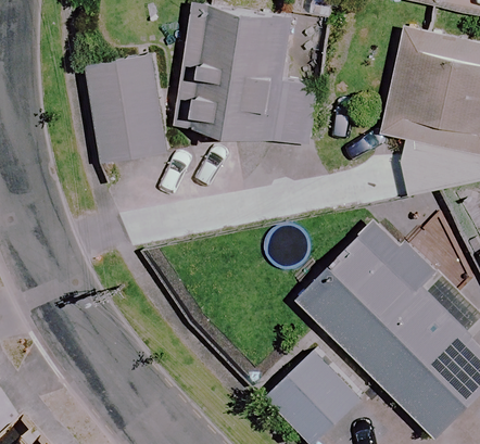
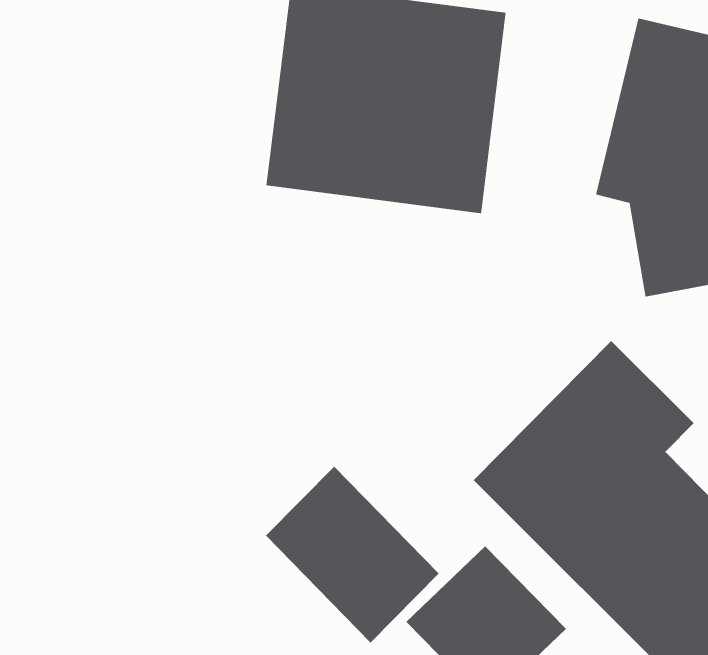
building: [87,56,164,163] -> none
building: none -> [265,466,439,643]

